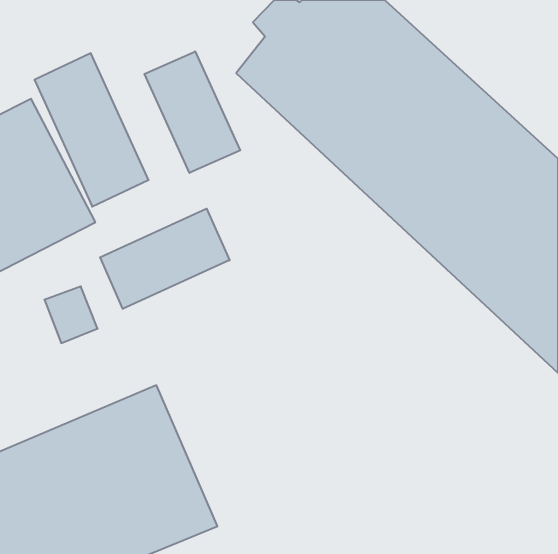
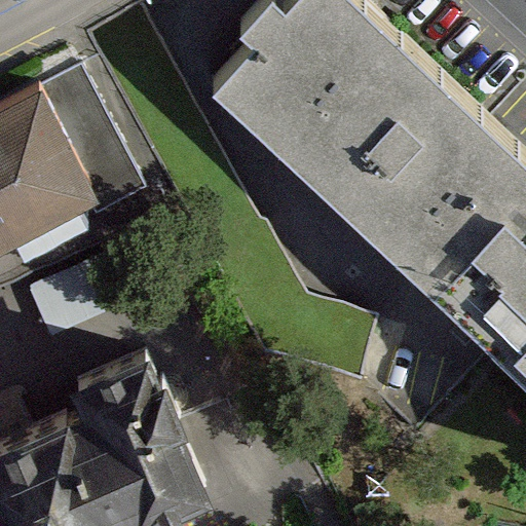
building: [144,51,240,173] -> none
building: [100,209,230,309] -> none

